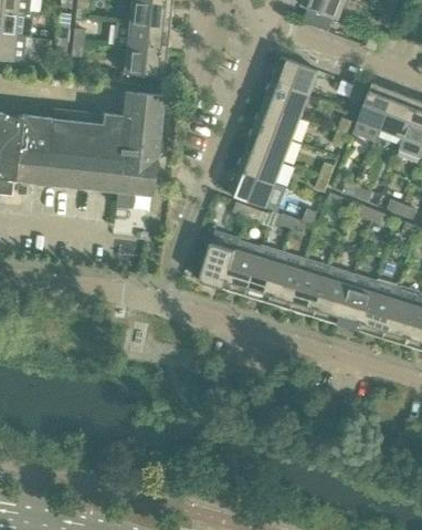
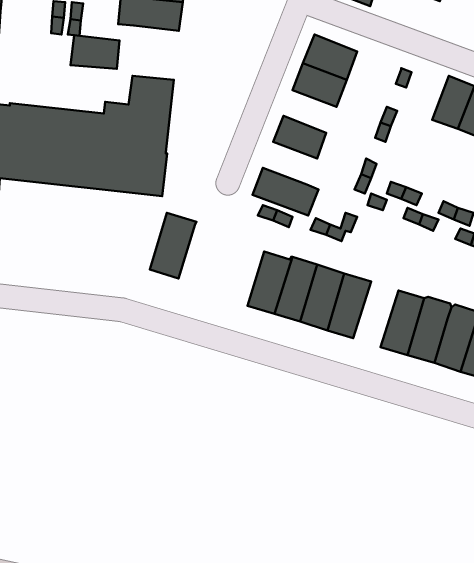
building: [123,48,165,76] -> [70,35,119,69]
building: [352,82,395,141] -> none
building: [254,103,299,139] -> none
building: [236,147,283,184] -> none
building: [199,231,239,288] -> [150,213,196,279]
building: [314,267,352,323] -> none

